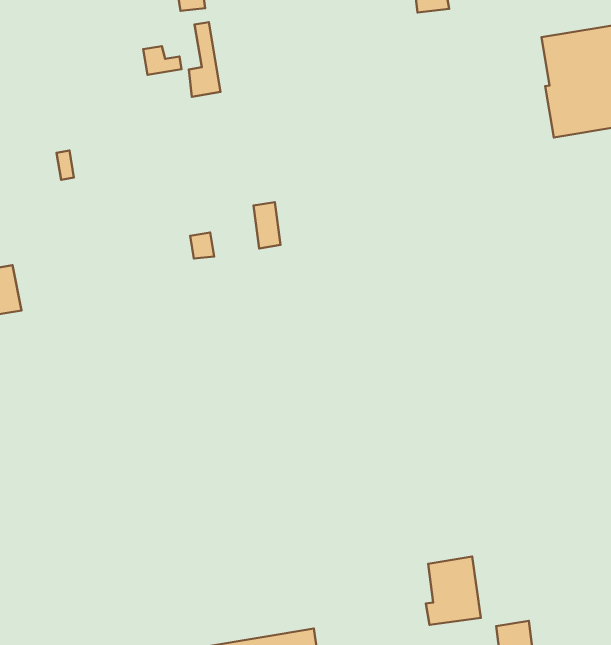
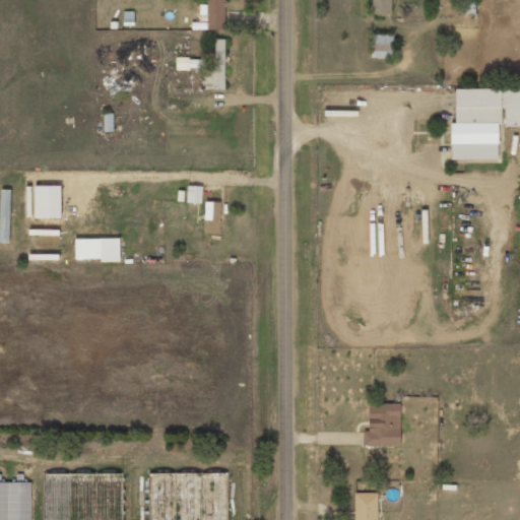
building: [253,202,280,248] -> [205,202,221,233]
building: none -> [75,238,120,261]
building: [426,557,481,625] -> [364,403,401,447]

